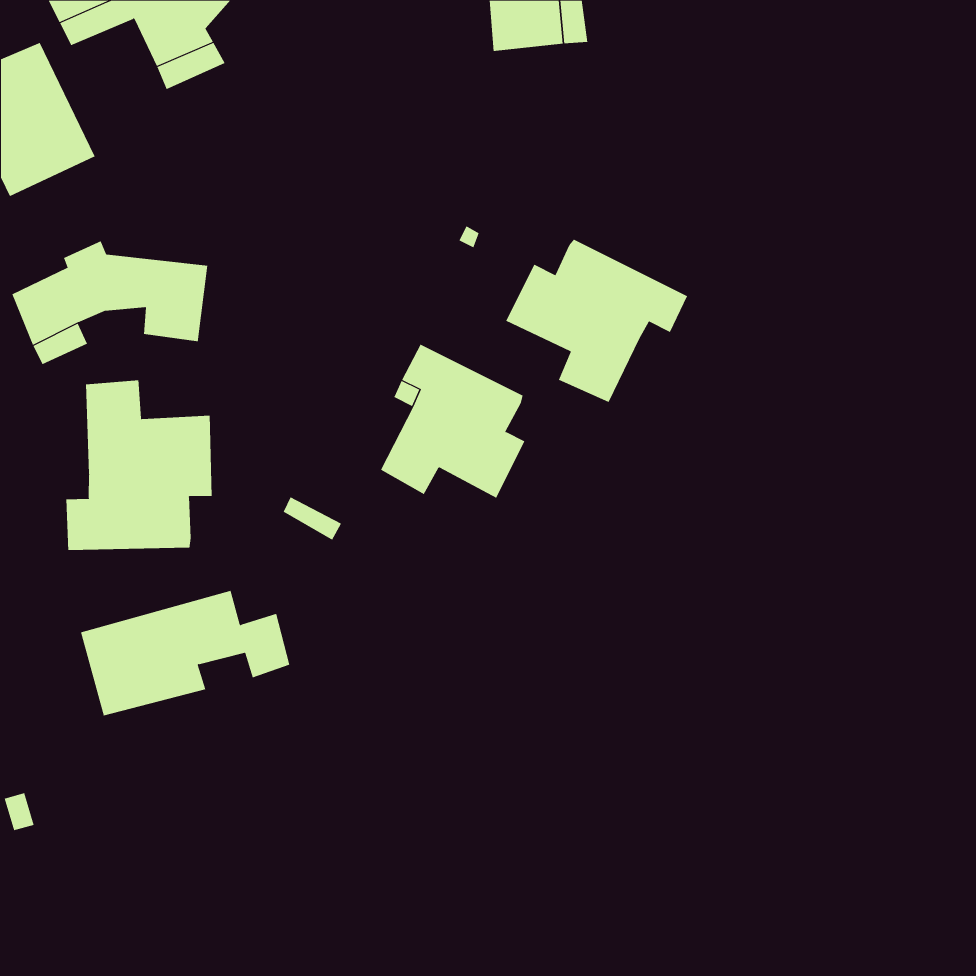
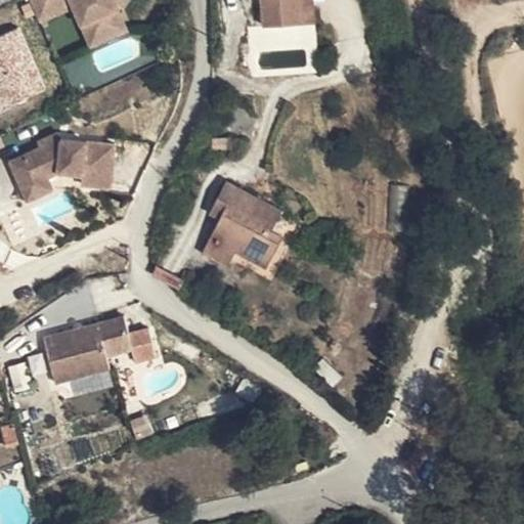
building: [505,239,688,403] -> none
building: [66,379,212,551] -> none

